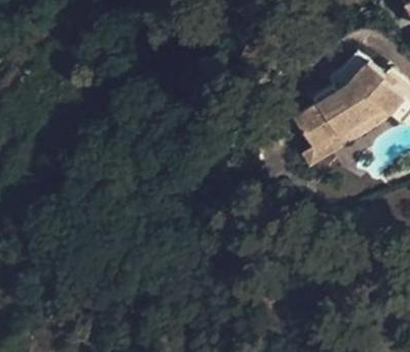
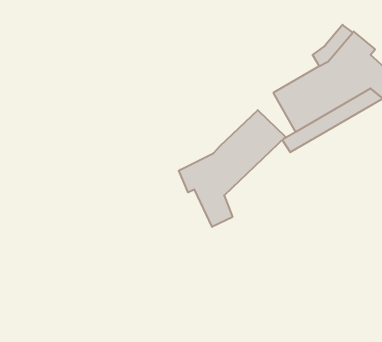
building: none -> [179,110,286,227]

